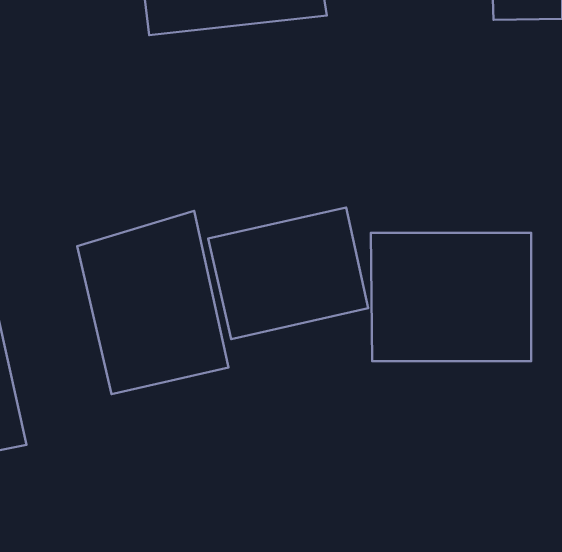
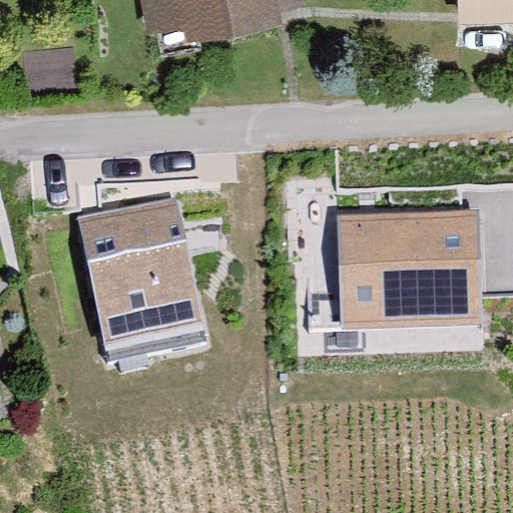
building: [208,207,368,339] -> none

